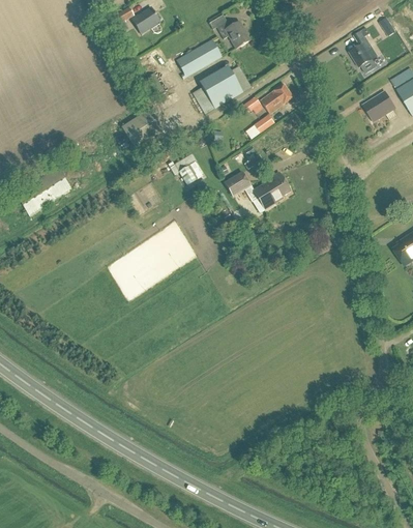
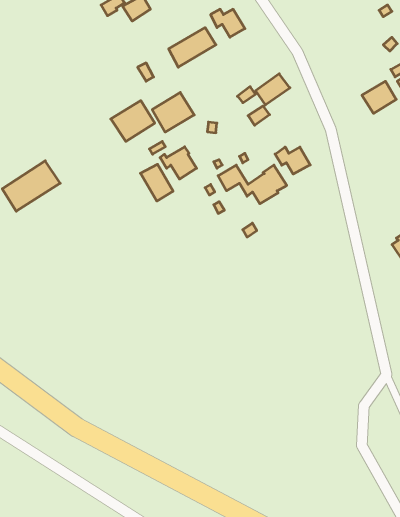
building: [349,26,377,66] -> none
building: [202,69,242,108] -> [152,92,194,132]
building: none -> [275,147,310,174]
building: none -> [140,164,173,201]

